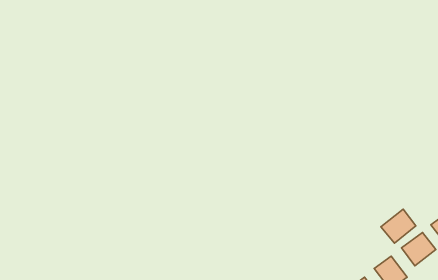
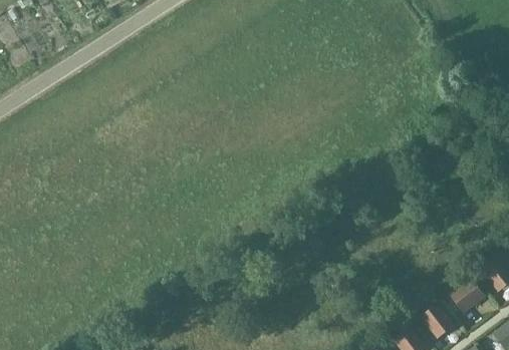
building: [381,209,416,243] -> none

